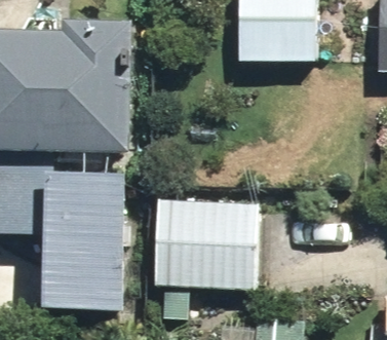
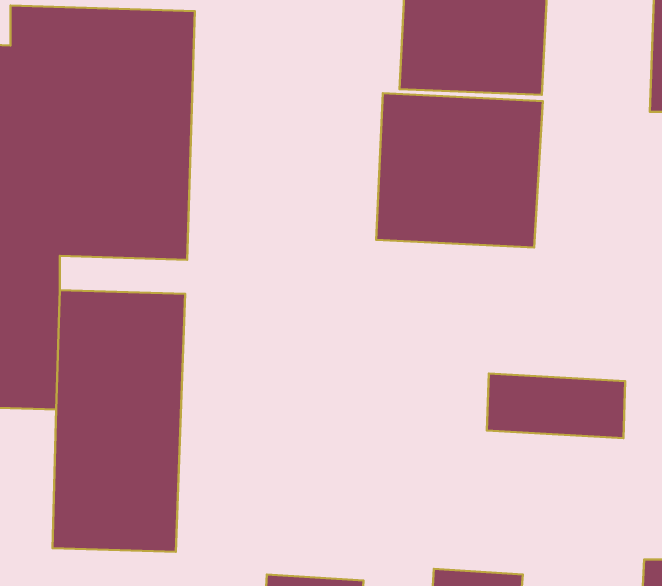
building: none -> [376,93,543,248]
building: [155,195,257,290] -> none

